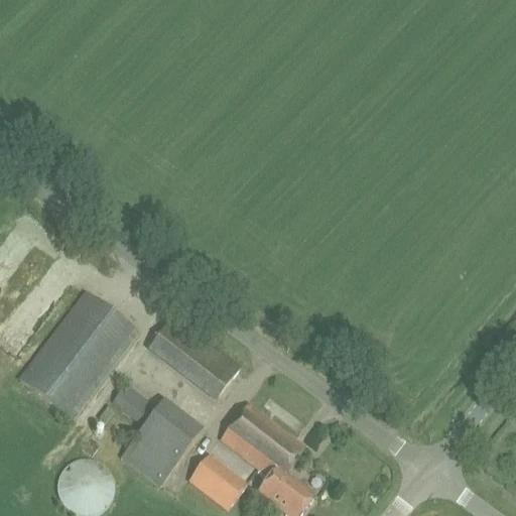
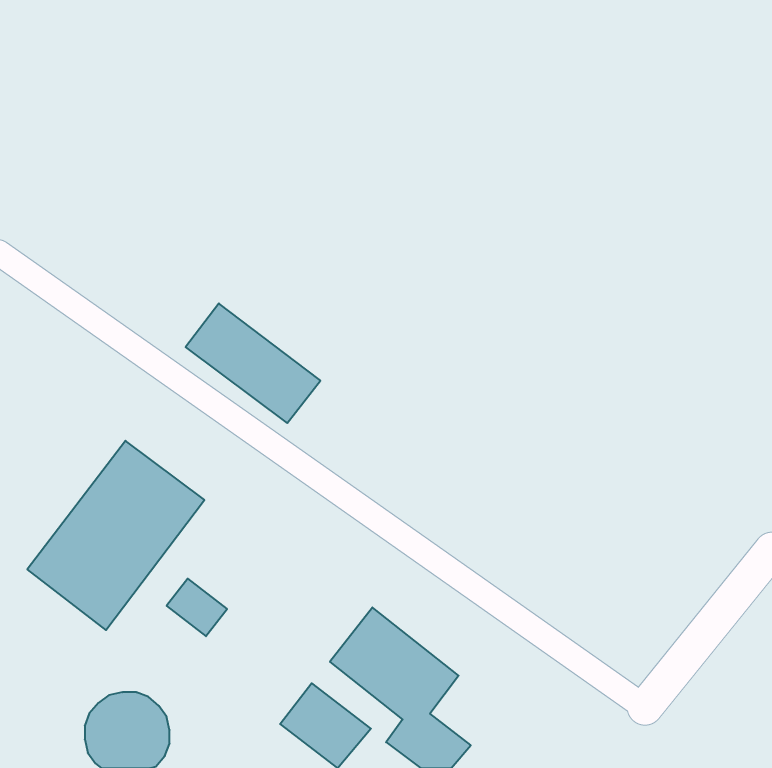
building: [150,317,240,397] -> [186,303,320,423]
building: [124,393,209,484] -> none

